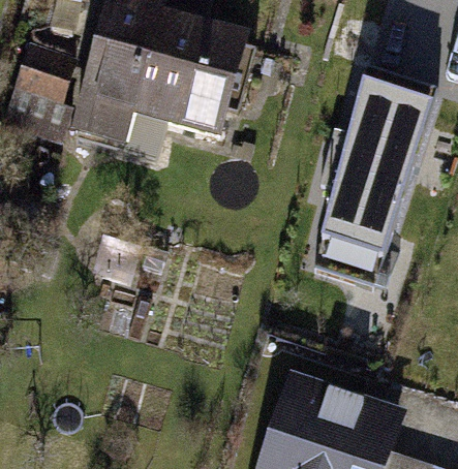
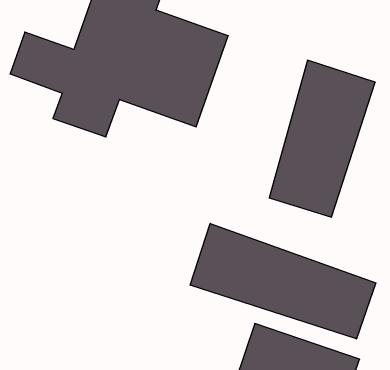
building: none -> [190,223,376,339]

